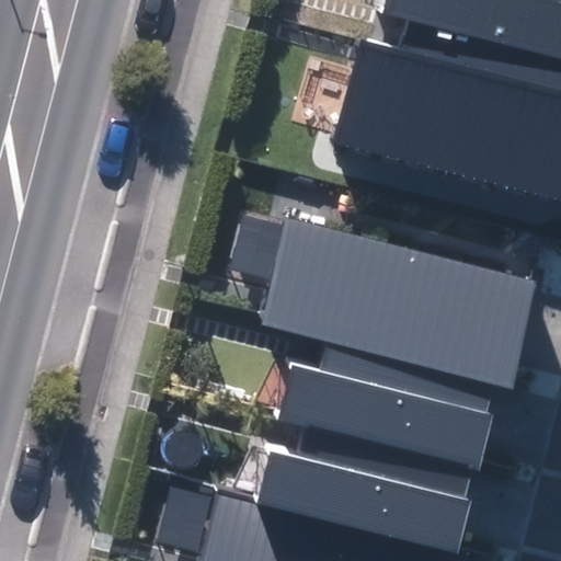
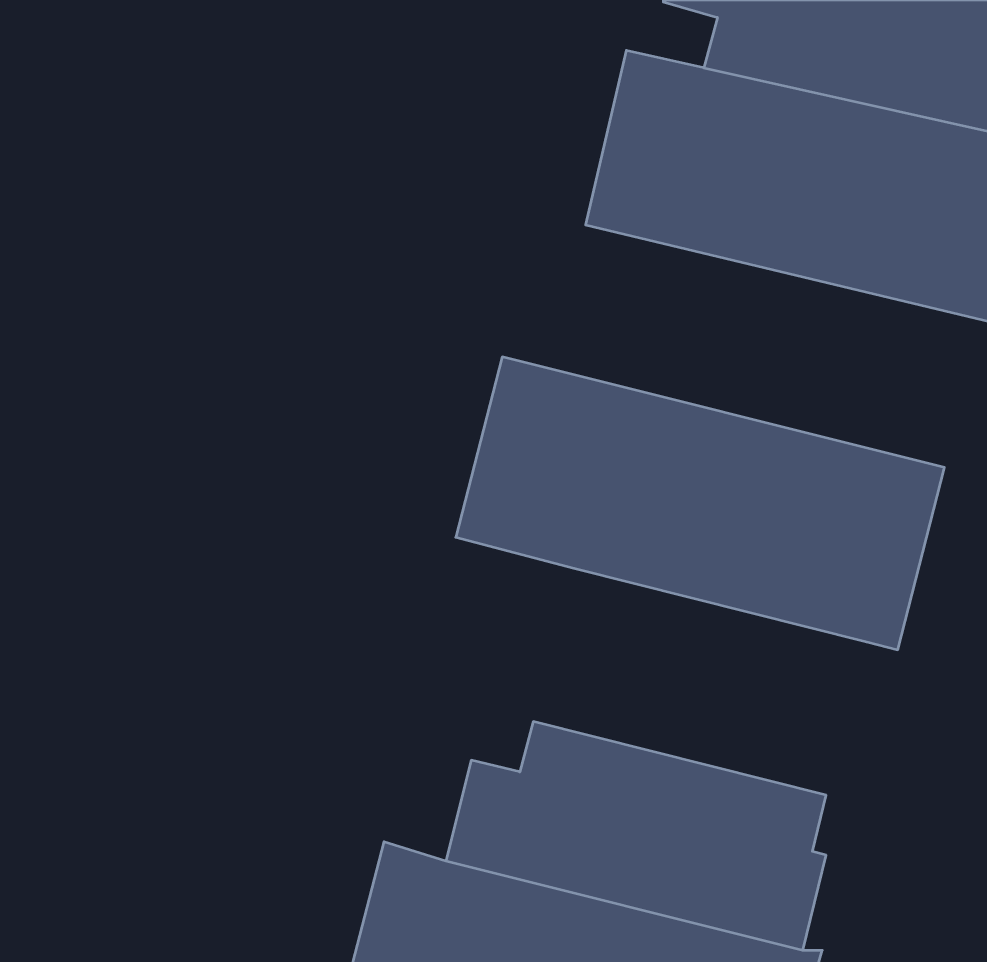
building: [277,337,492,468] -> none

